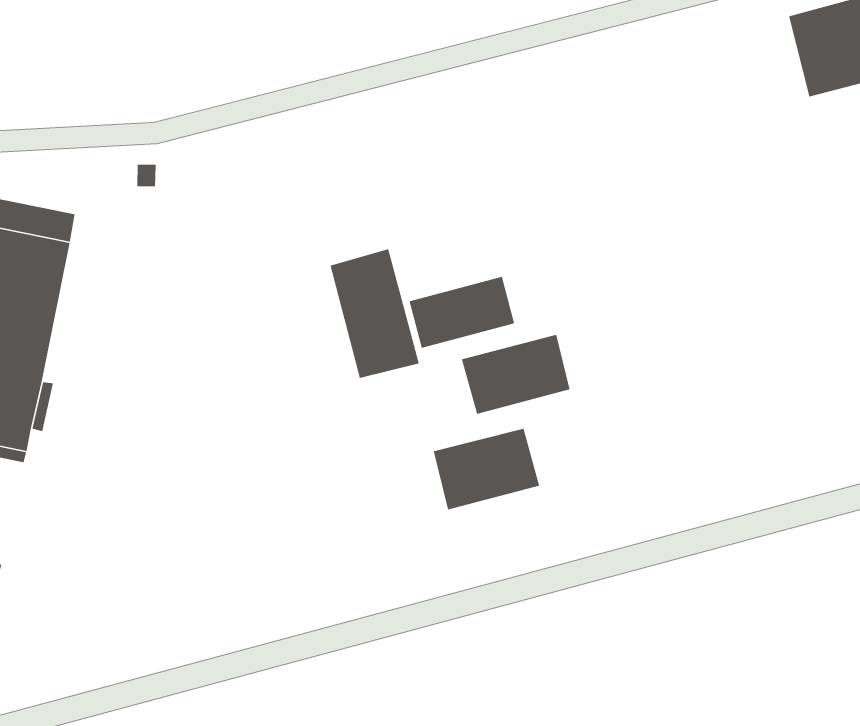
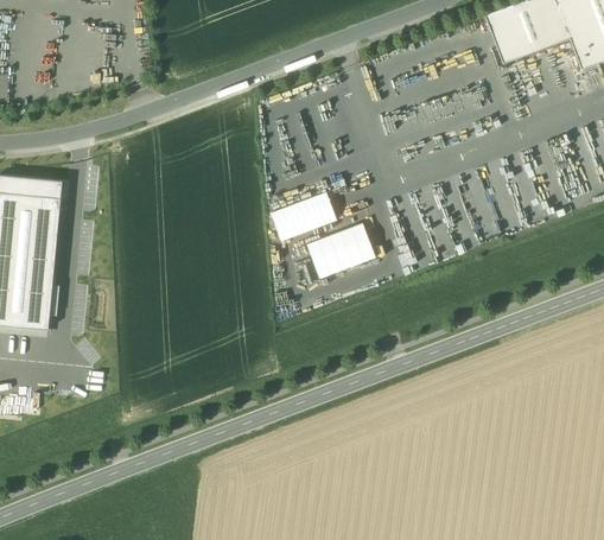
building: [329,248,420,379] -> none
building: [433,428,540,510] -> none

